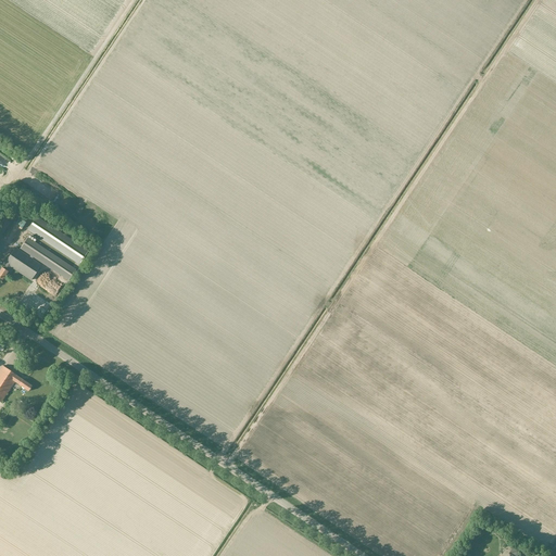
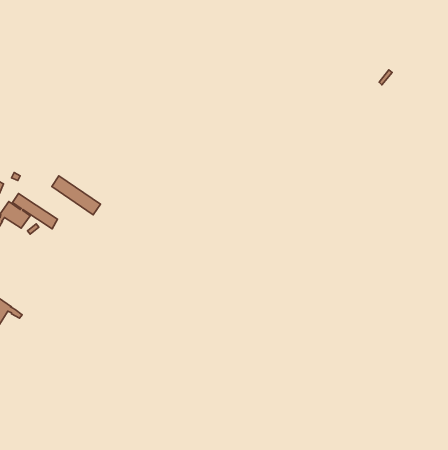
building: [23,219,83,267] -> [52,176,100,215]

